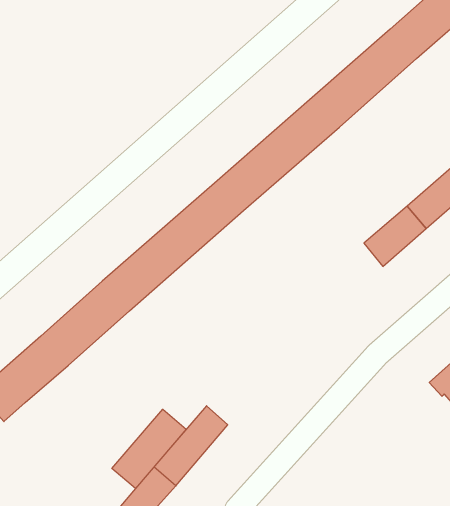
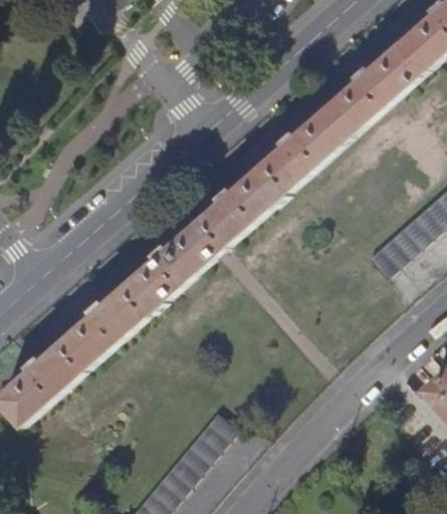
building: [112,409,186,488] -> none

